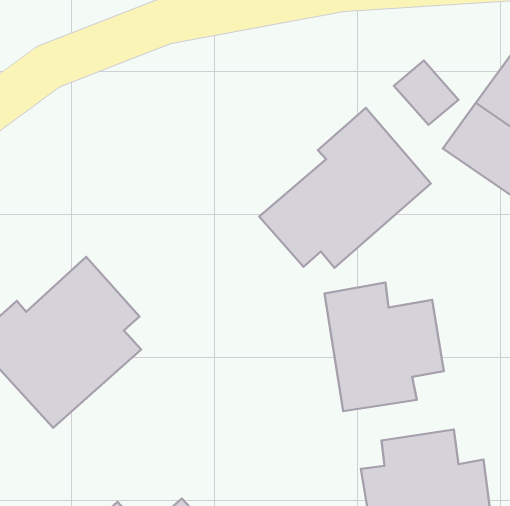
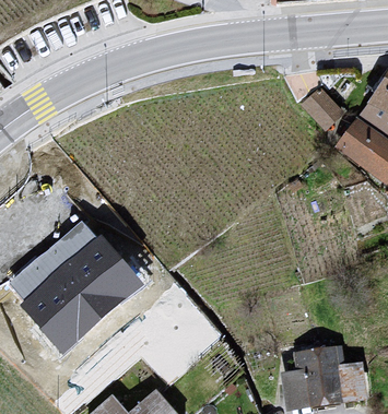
building: [259,108,431,268] -> none
building: [325,282,444,411] -> none

